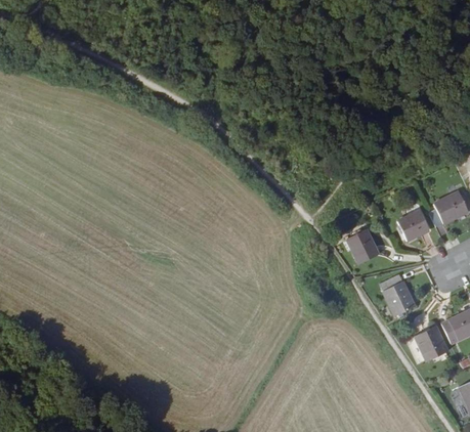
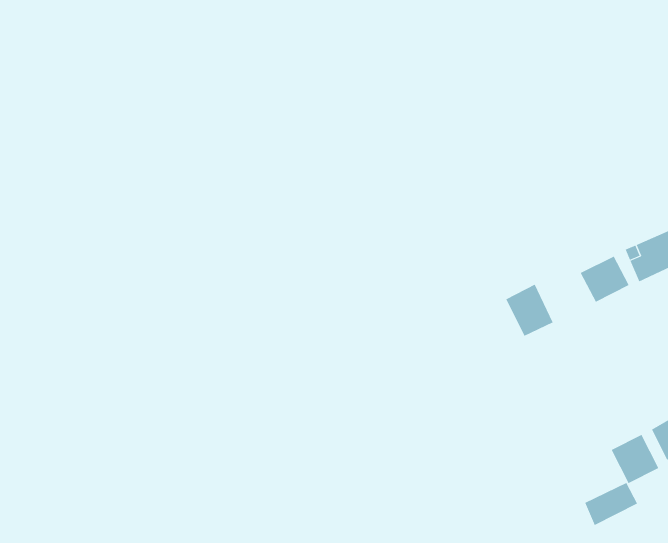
building: [380,274,415,315] -> none
building: none -> [584,482,638,526]

